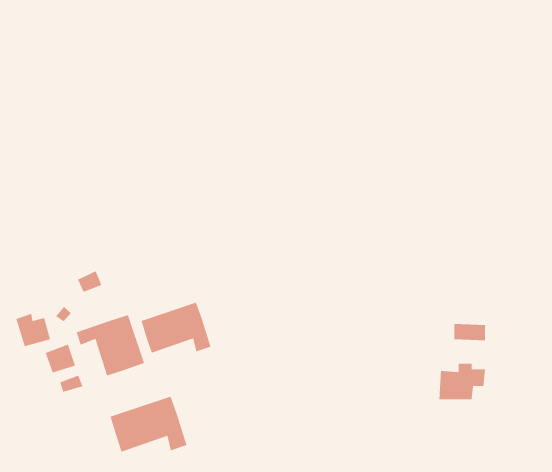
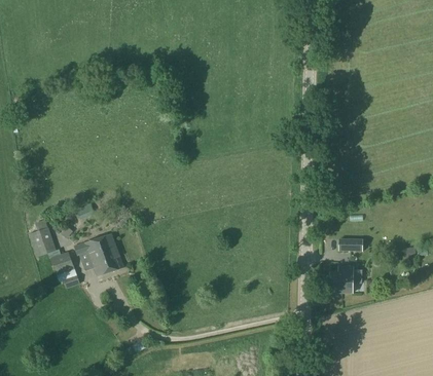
building: [141,302,211,353] -> none
building: [110,396,187,452] -> none

